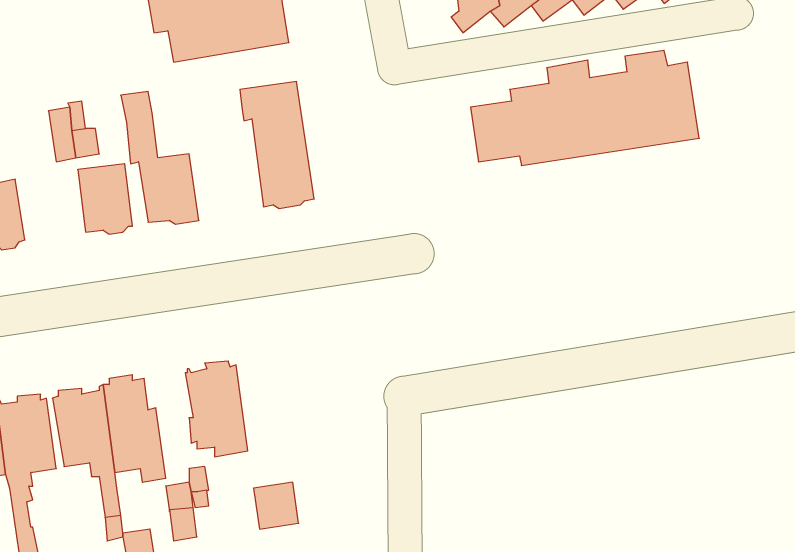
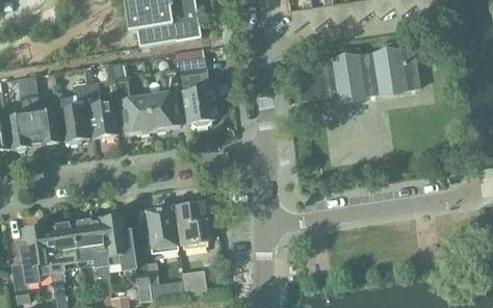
building: none -> [148,70,179,130]
building: none -> [60,104,89,143]
building: none -> [176,203,208,245]

